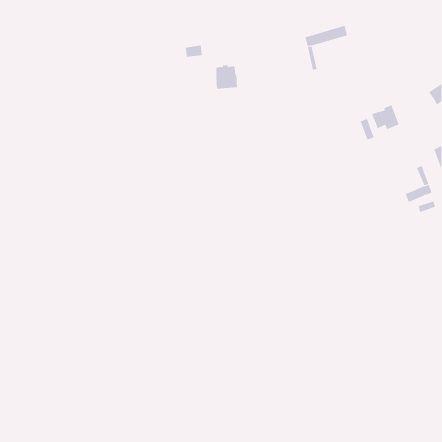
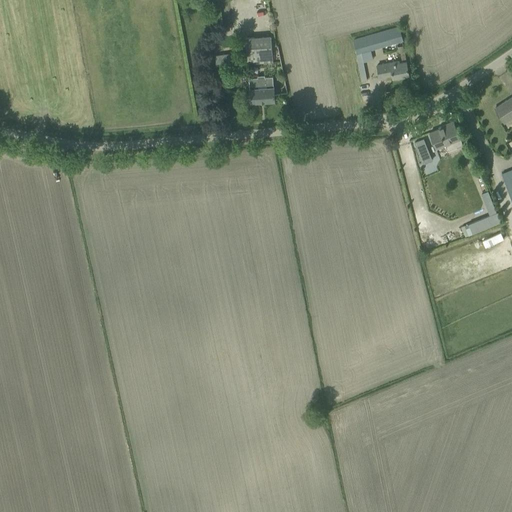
building: none -> [245,35,273,64]
building: none -> [376,59,409,78]

